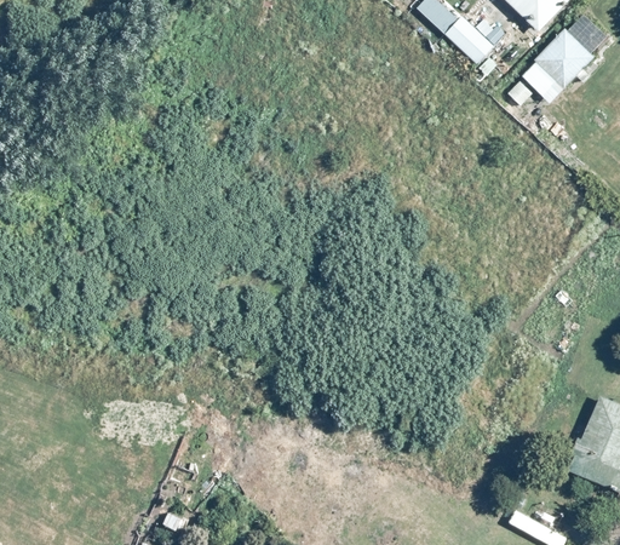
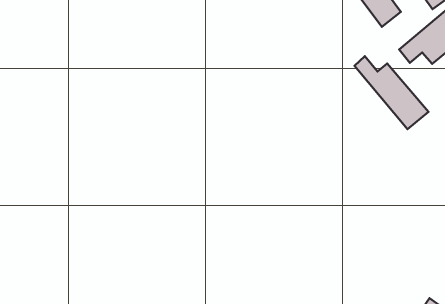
building: none -> [354,56,429,129]

